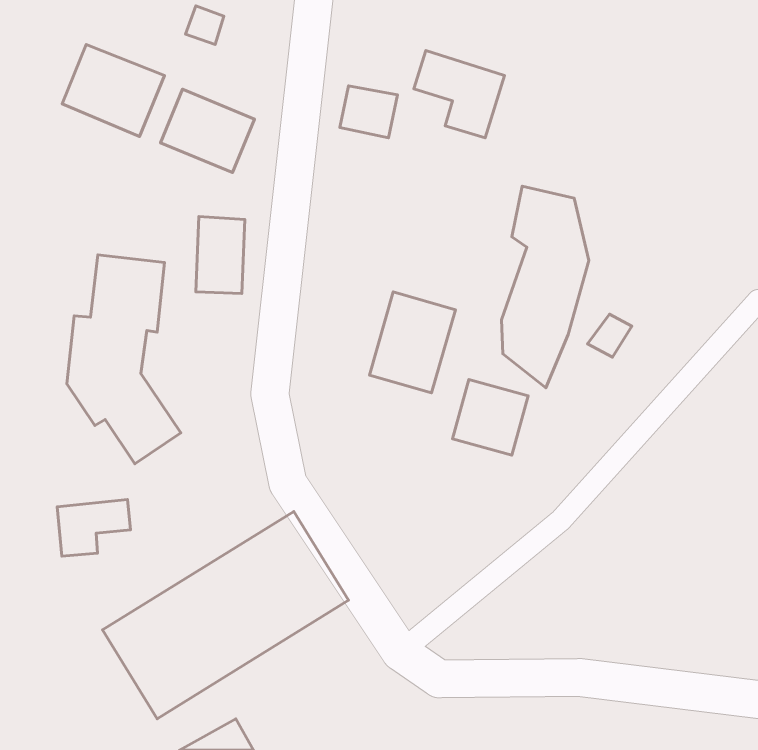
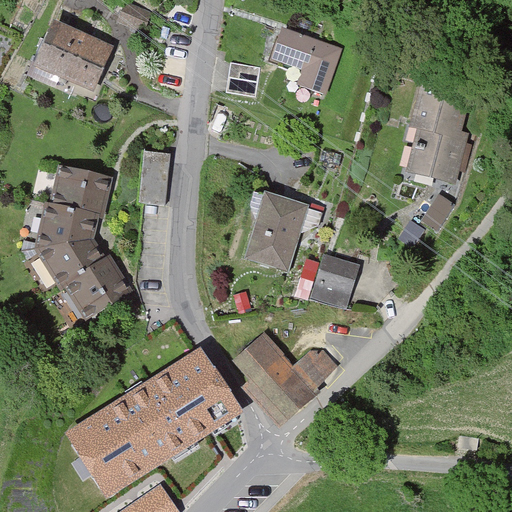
building: [160,89,255,173] -> none
building: [501,186,589,388] -> [409,89,468,225]
building: [57,499,130,556] -> none
building: none -> [237,343,339,422]

